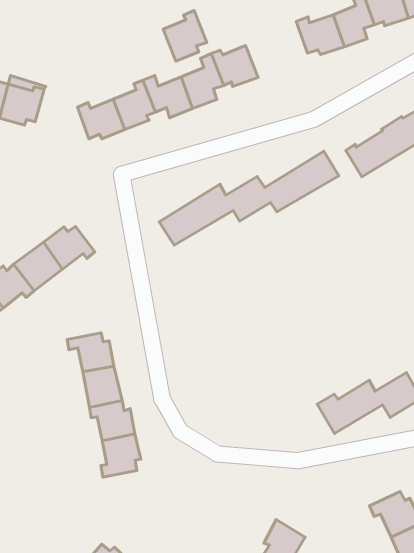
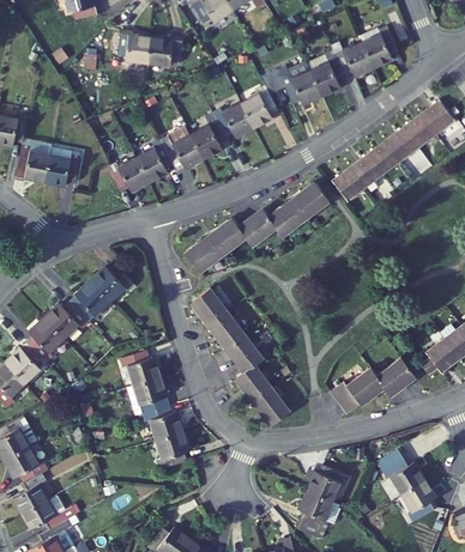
building: [163,11,207,61] -> [241,85,278,128]
building: none -> [191,287,289,425]
building: none -> [306,465,346,502]

